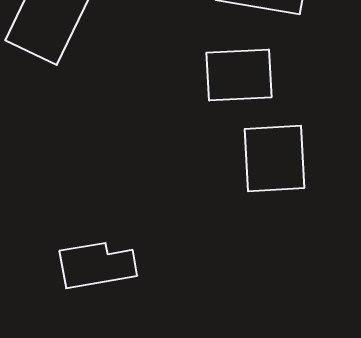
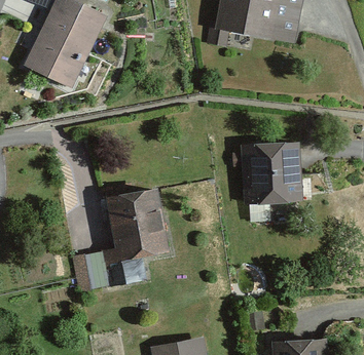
building: [207,49,271,101] -> none
building: none -> [108,190,168,260]

